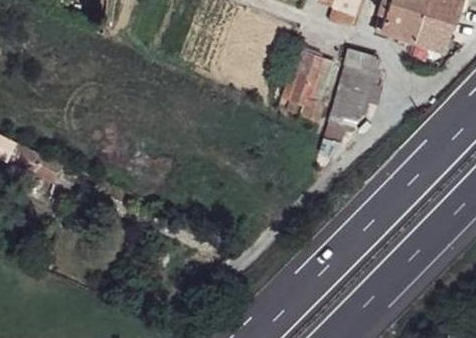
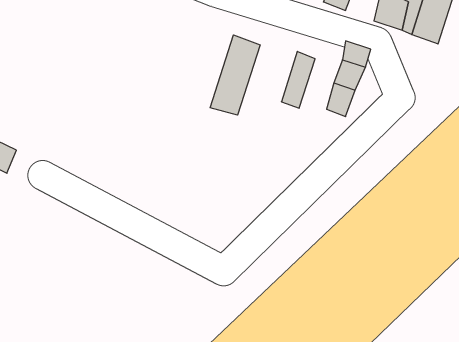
building: none -> [210,35,260,115]

